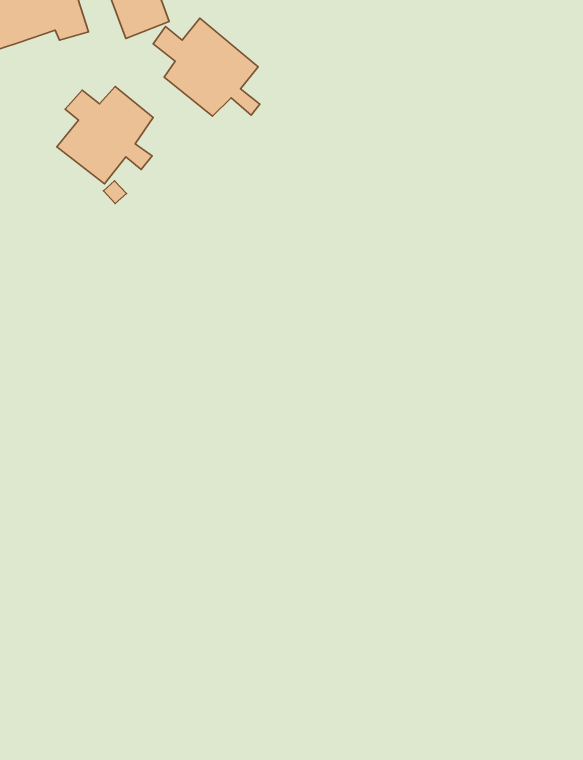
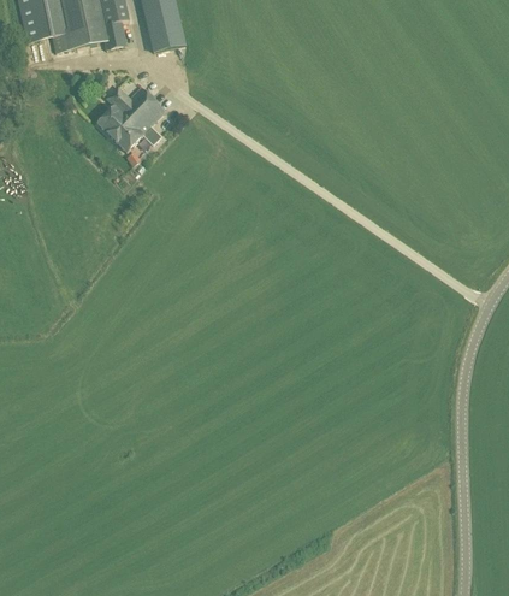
building: [153,18,260,116] -> none

